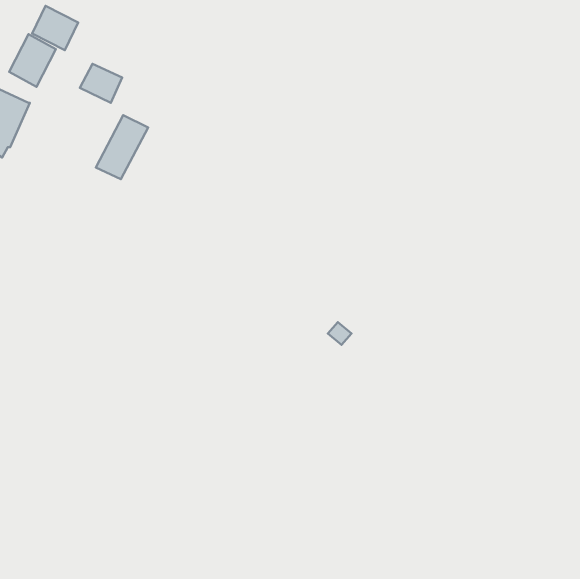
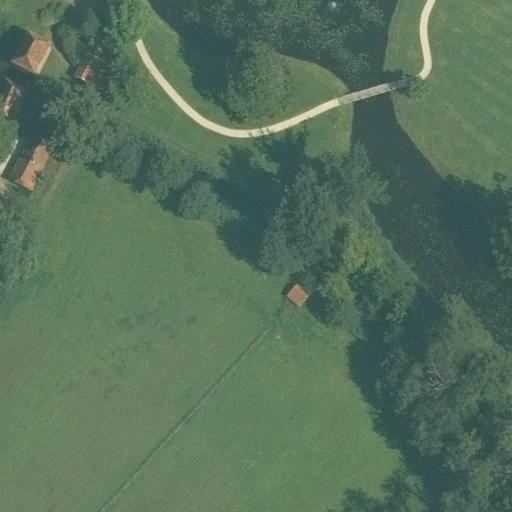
building: [32,6,78,50] -> none
building: [96,115,148,179] -> [6,133,52,189]

